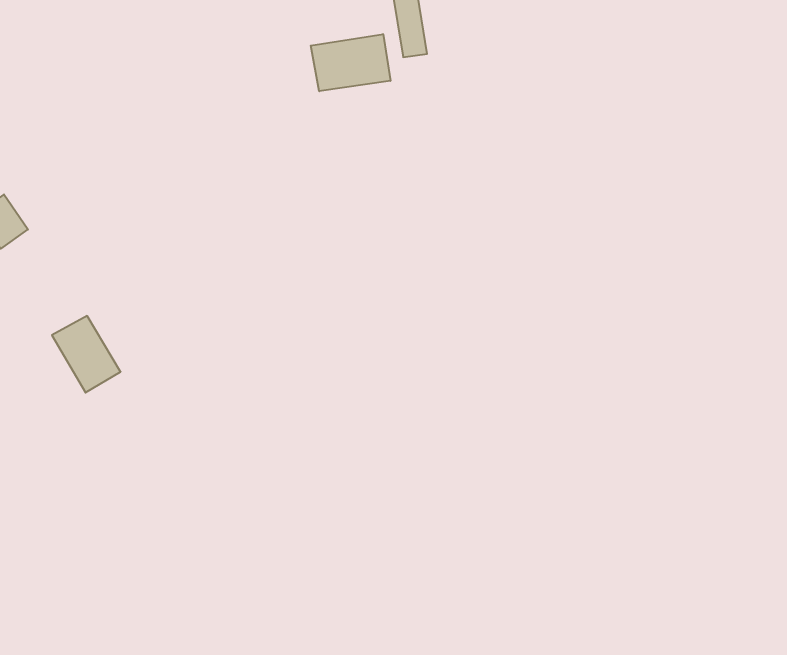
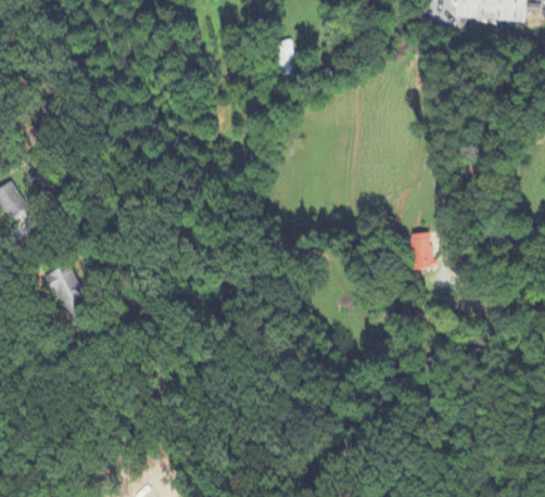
building: [311,34,390,91] -> none
building: none -> [411,232,435,268]

